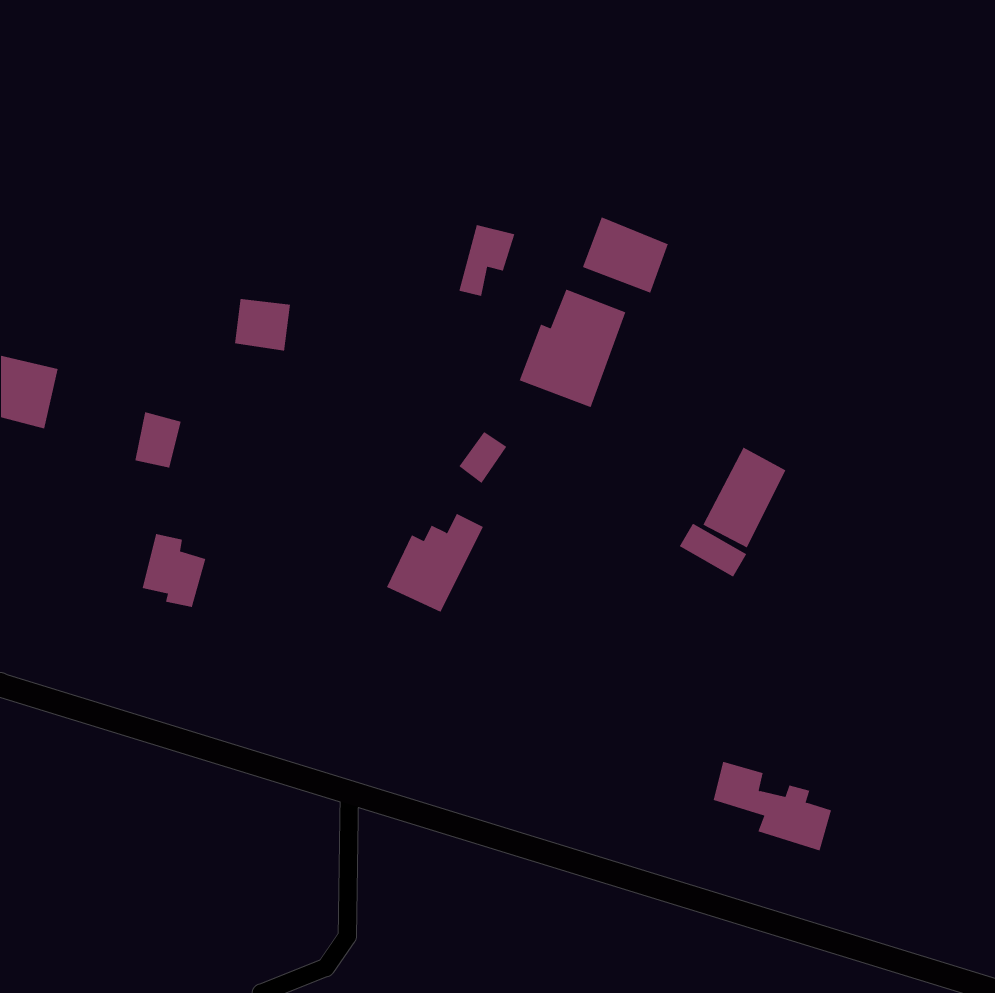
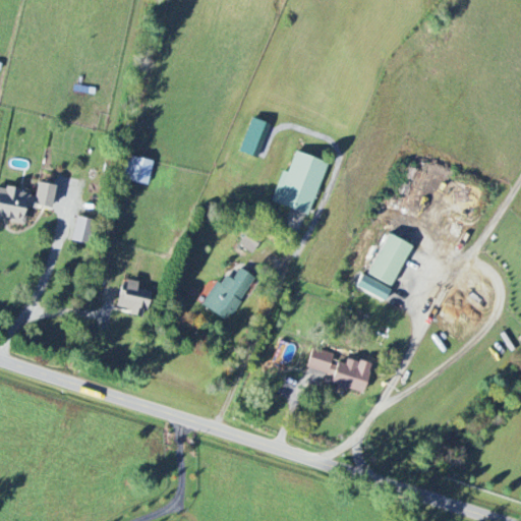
building: [582,217,669,293] -> none
building: none -> [30,181,55,208]
building: [142,533,206,608] -> [117,278,151,316]
building: [713,761,832,851] -> [307,346,369,393]

